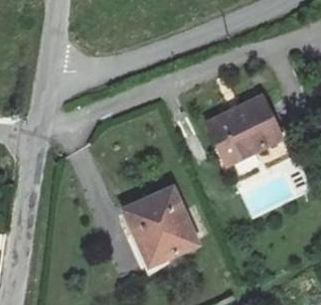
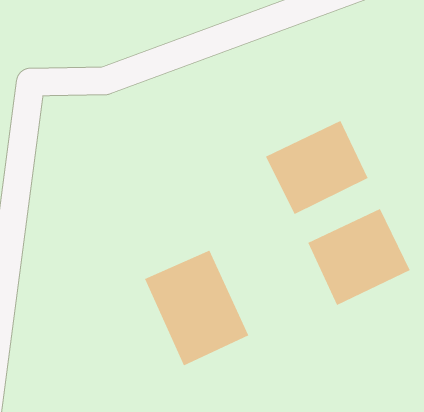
building: none -> [307,208,411,306]

